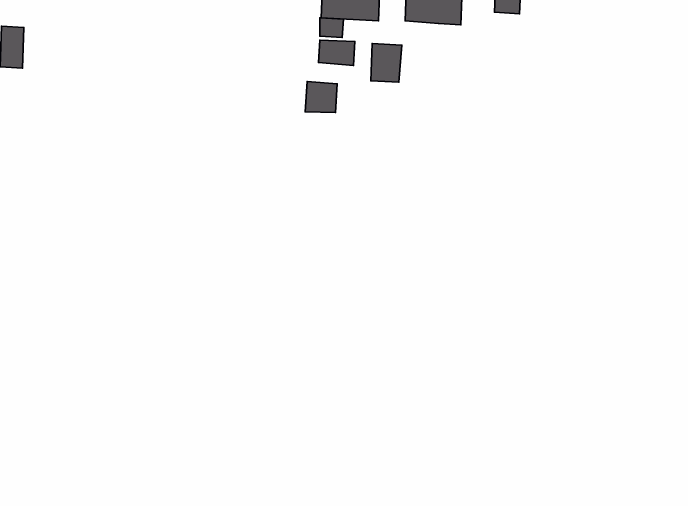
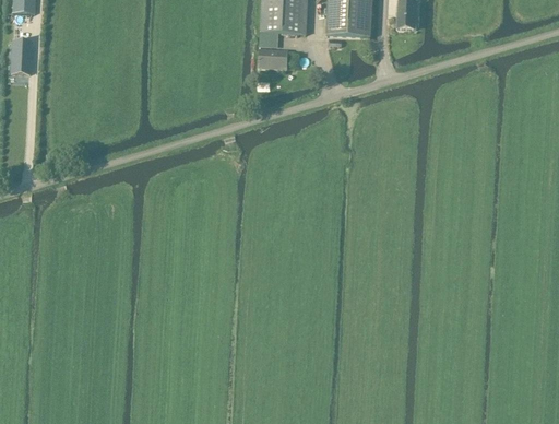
building: [371,44,402,82] -> none
building: [305,81,337,113] -> none

